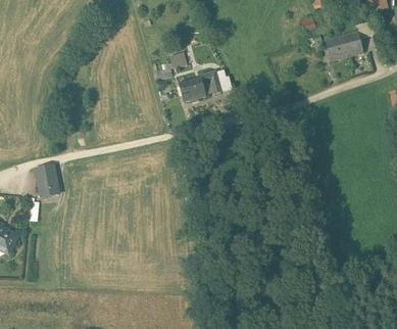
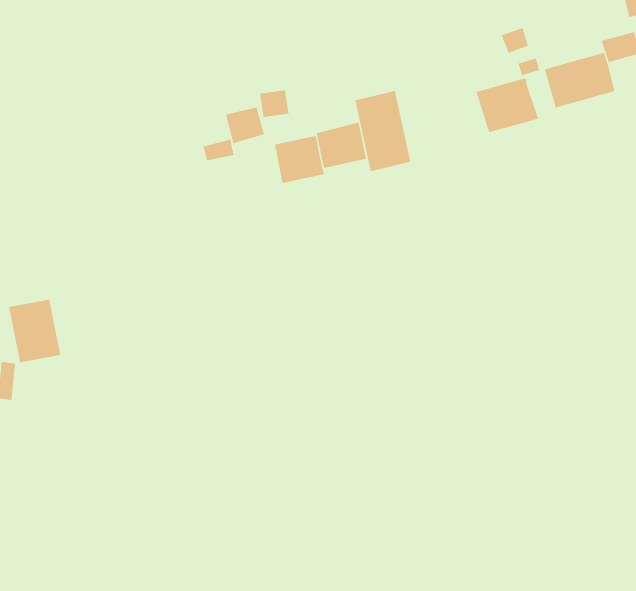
building: none -> [475,77,539,133]
building: none -> [354,90,411,172]

